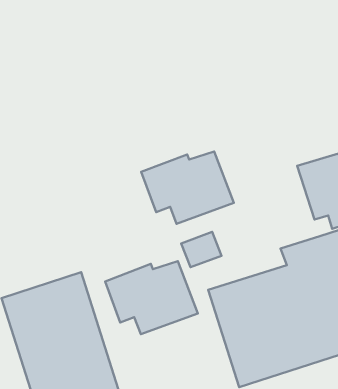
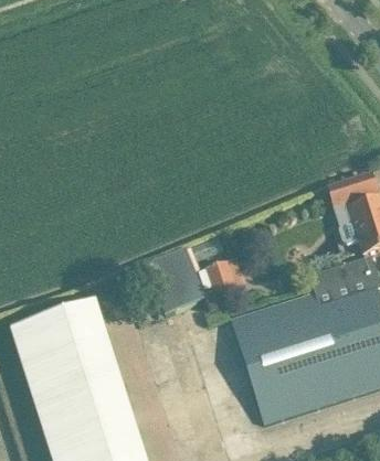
building: [141,151,234,224] -> none
building: [105,261,198,334] -> none

